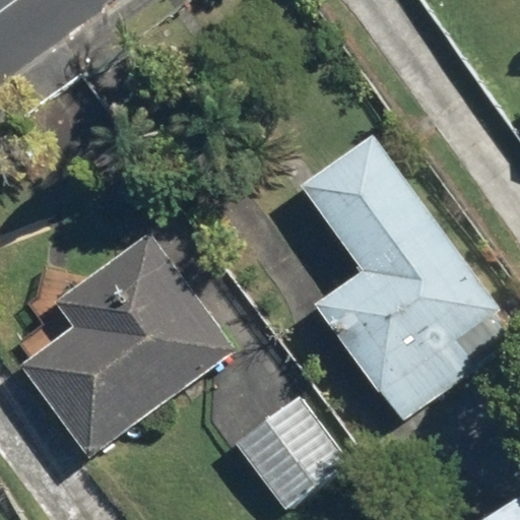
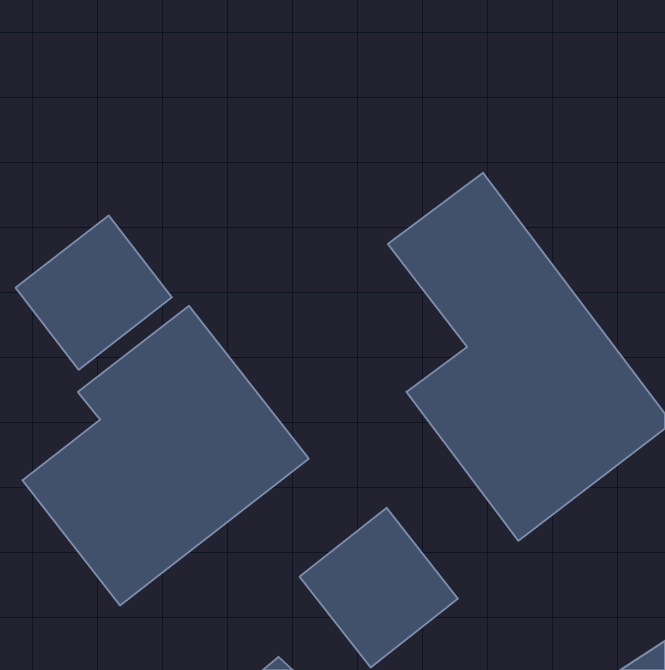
building: none -> [16,216,172,370]

